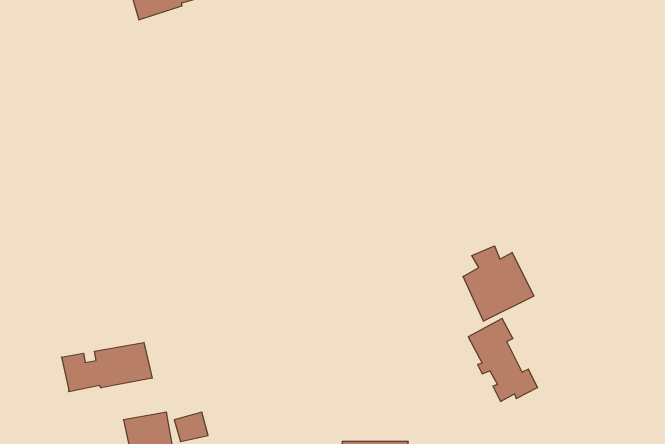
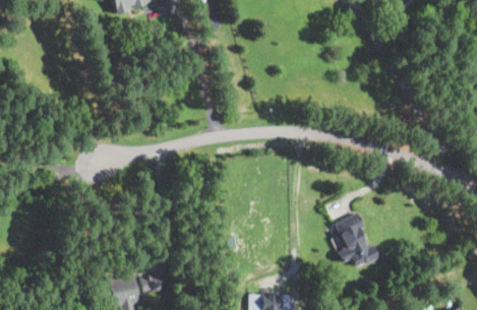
building: [463,246,534,321] -> none
building: [61,342,152,392] -> none

